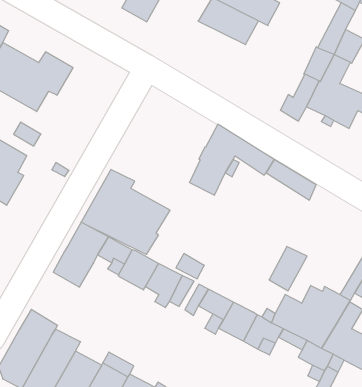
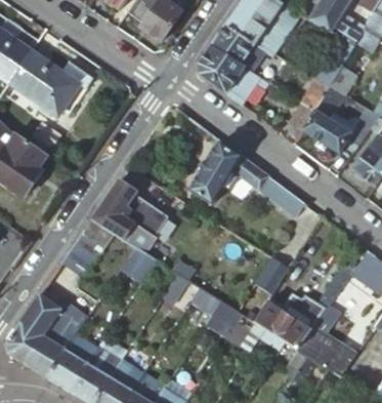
building: none -> [198,46,258,105]

